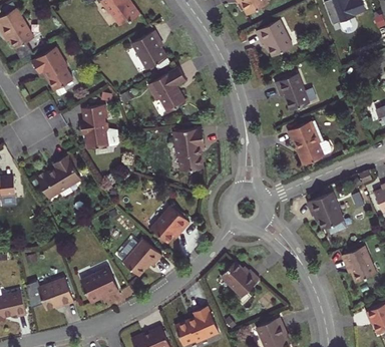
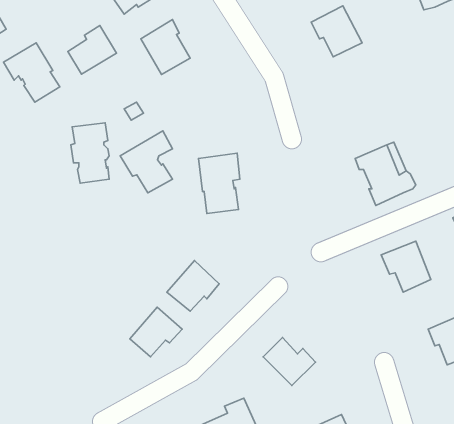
building: none -> [68,26,117,74]
building: [147,67,185,112] -> [120,131,172,193]
building: [275,73,309,110] -> none
building: [35,153,80,199] -> none
building: [80,268,118,302] -> none
building: [37,278,73,310] -> none

